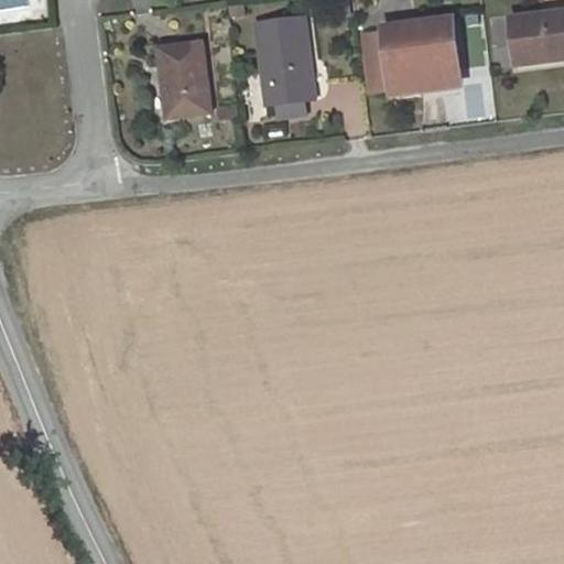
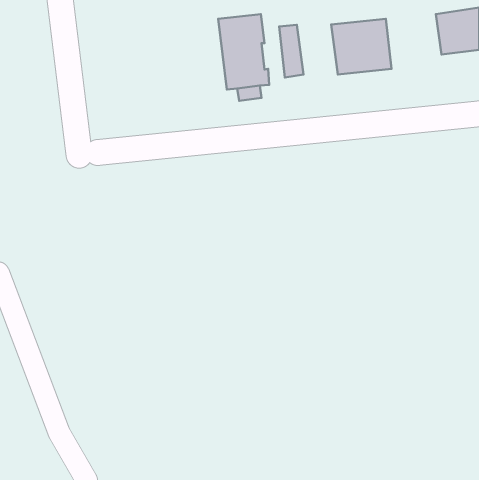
building: [367,29,395,90] -> [279,25,304,77]
building: [159,42,210,117] -> none

